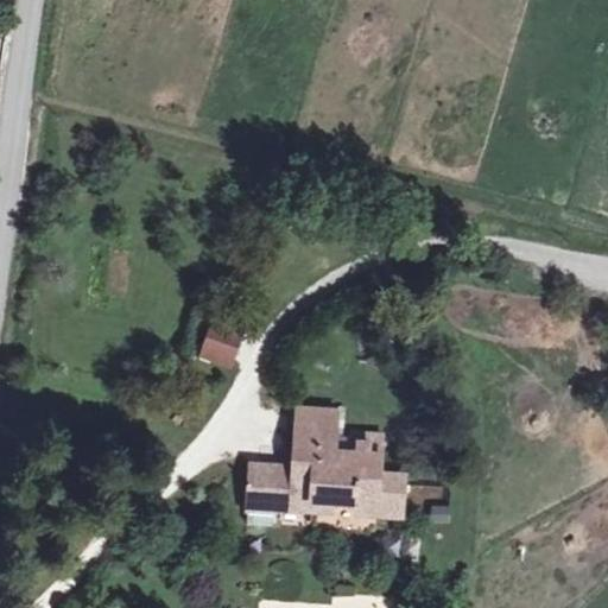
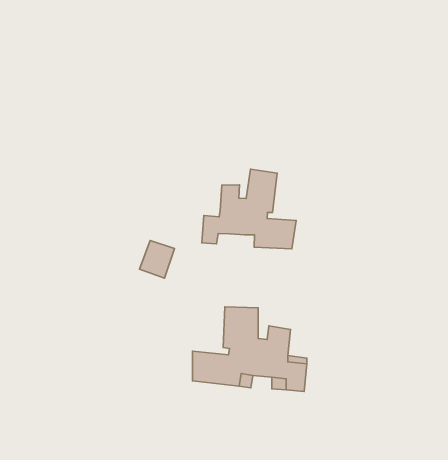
building: none -> [202,169,296,249]

